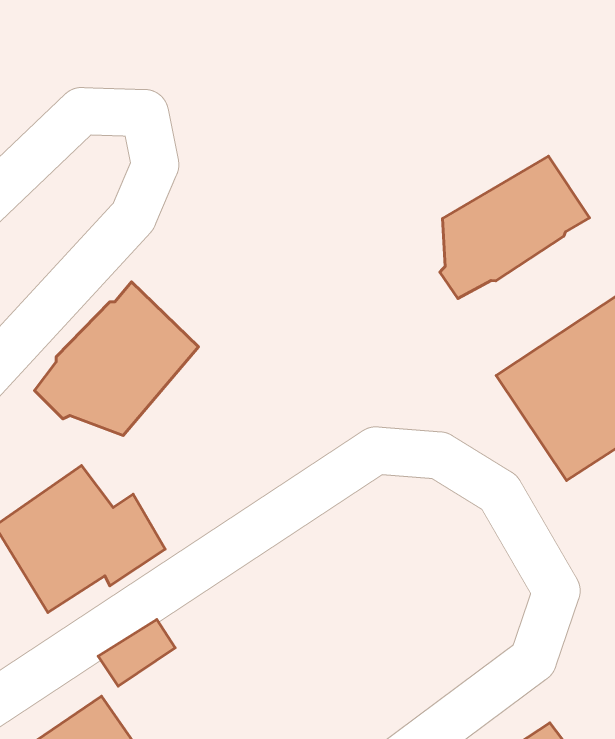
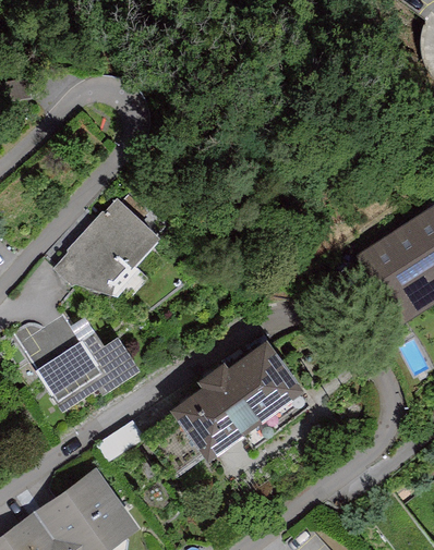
building: [440,156,589,298] -> none
building: none -> [171,343,304,464]

